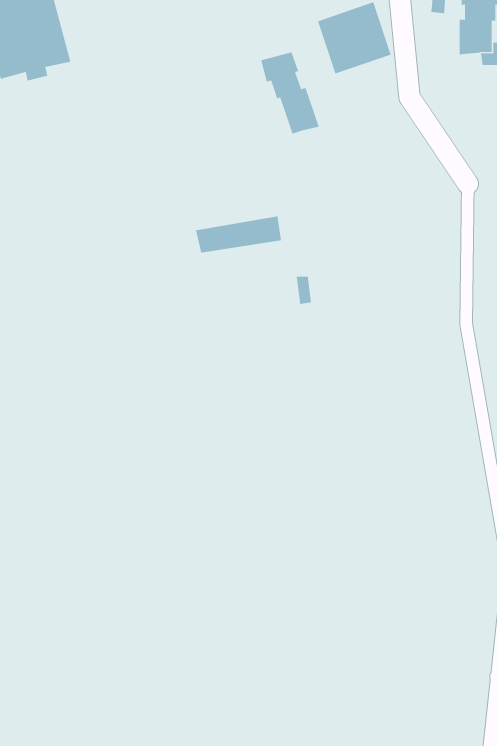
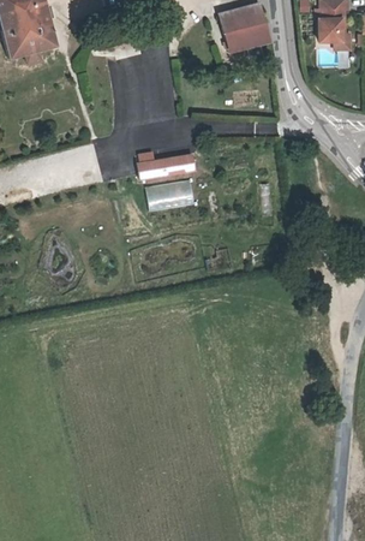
building: [260,51,320,134] -> none
building: none -> [146,182,193,209]

